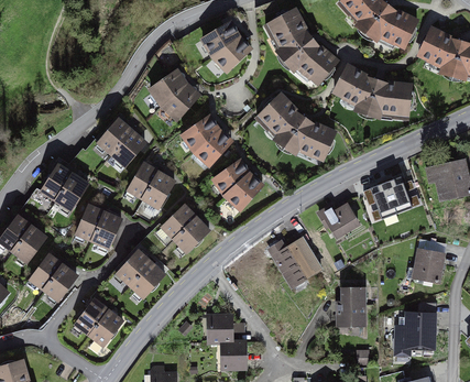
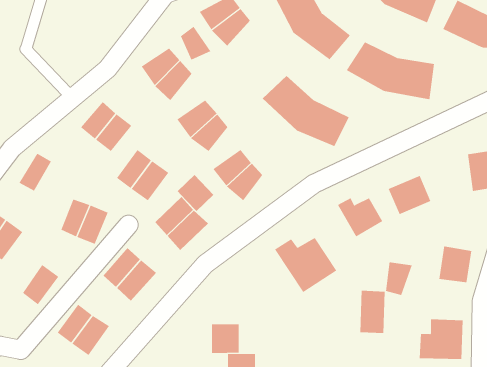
building: none -> [180,26,211,61]
building: [54,173,85,209] -> none
building: none -> [177,174,214,212]
building: [29,254,61,290] -> none
building: none -> [386,261,413,296]

